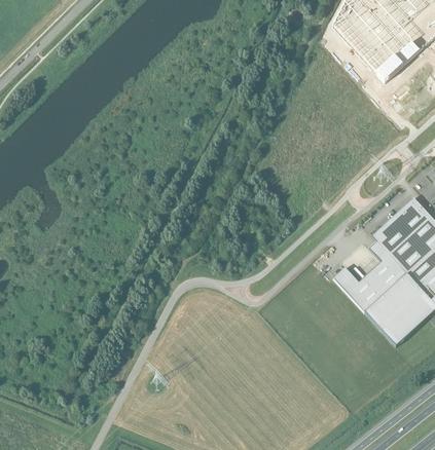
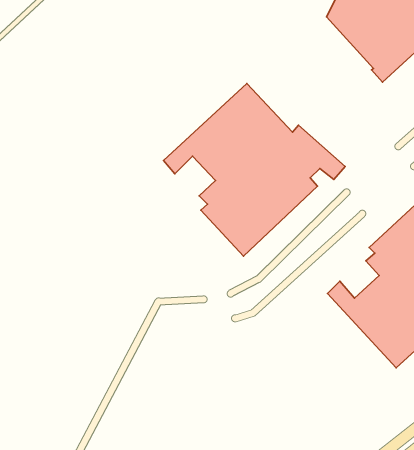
building: none -> [163,83,345,256]

